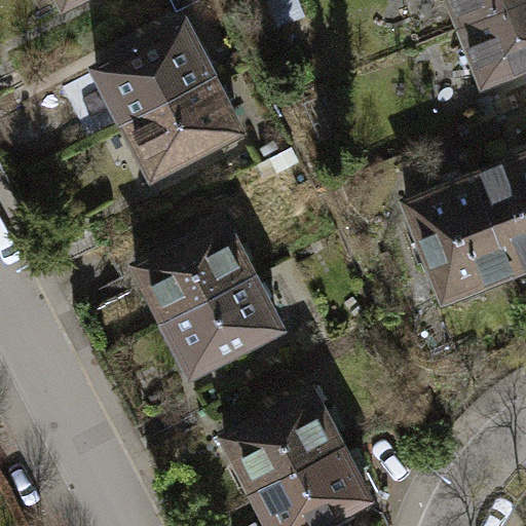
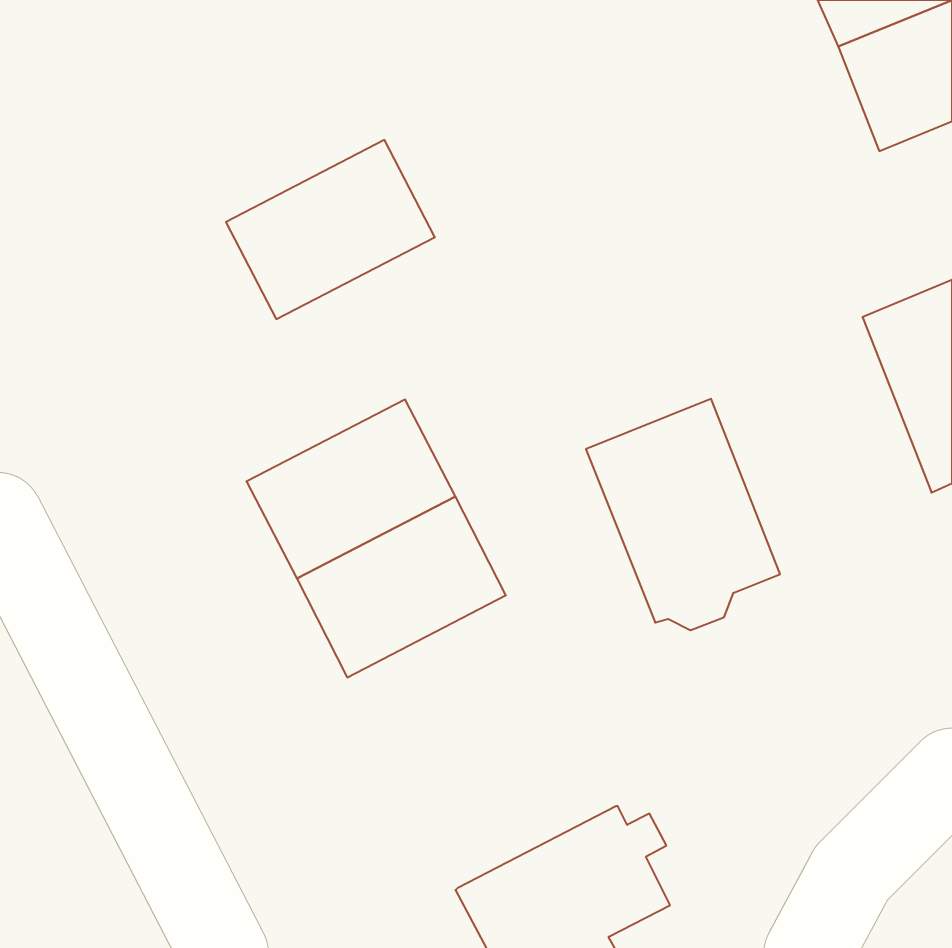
building: [97,28,212,125] -> none
building: [406,178,513,305] -> [586,399,780,630]
building: [224,393,339,492] -> none

